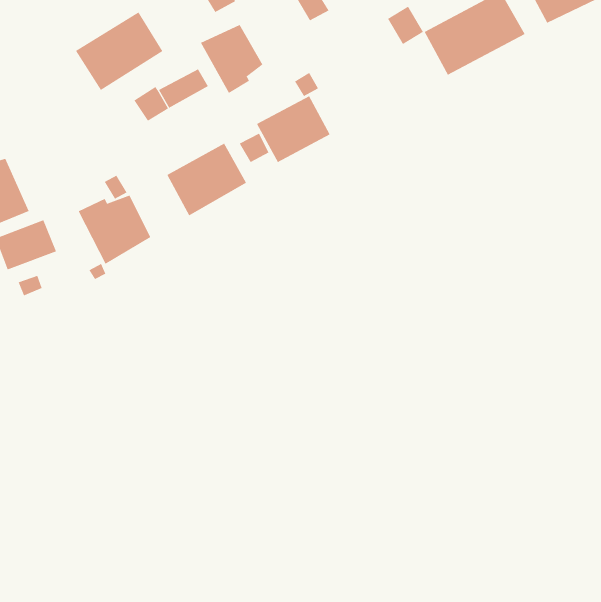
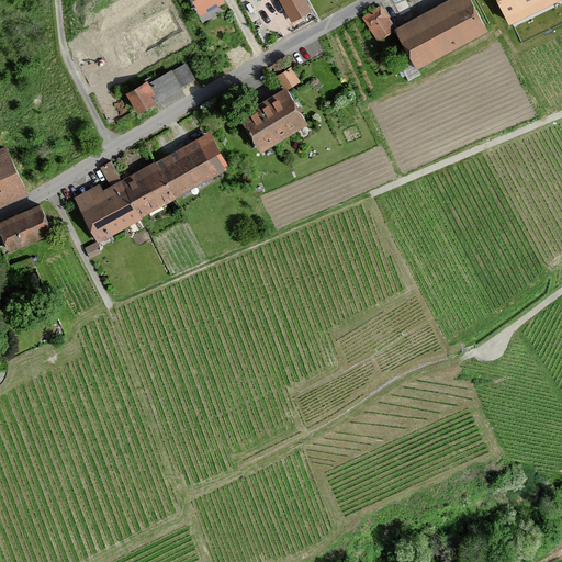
building: [75,12,163,91] -> none
building: [200,24,263,94] -> none
building: [239,133,269,163] -> none
building: none -> [121,162,176,221]

